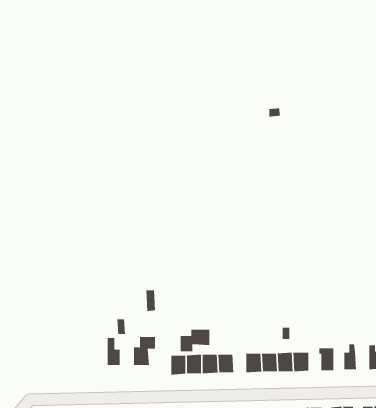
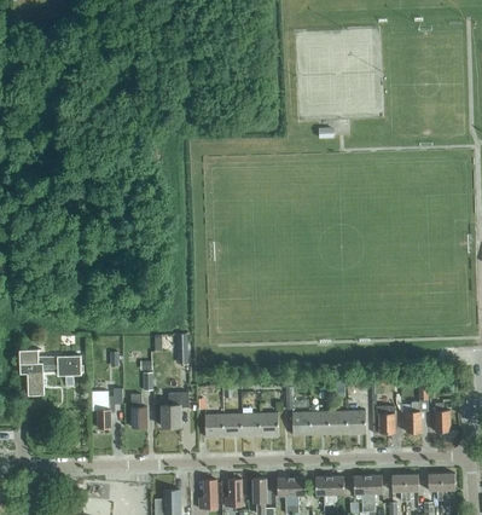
building: none -> [19,349,83,394]
building: [180,329,210,352] -> none
building: none -> [92,390,111,428]

